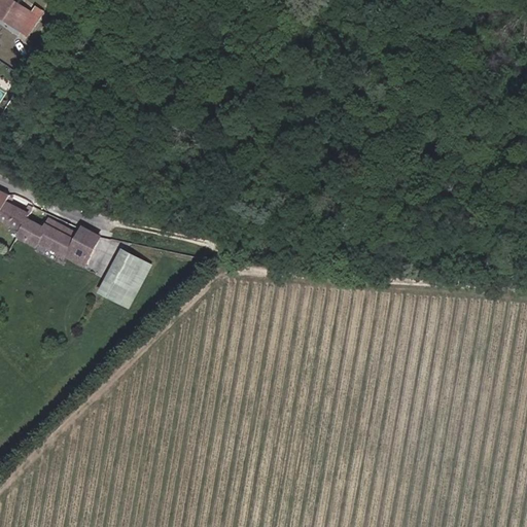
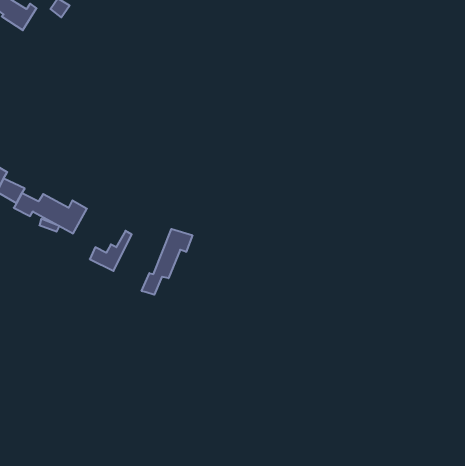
building: [107,250,141,284] -> none
building: none -> [142,229,192,295]

